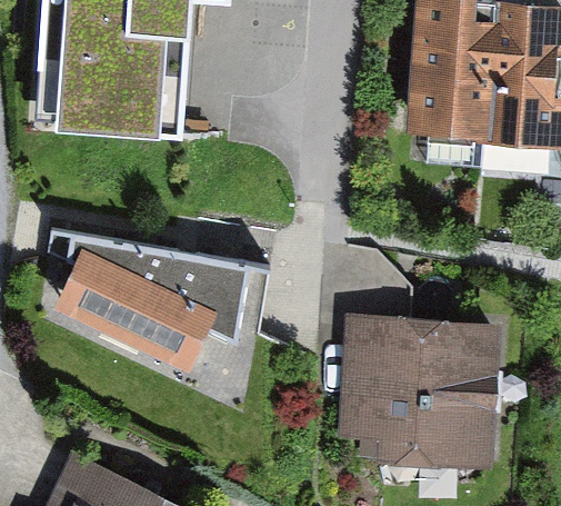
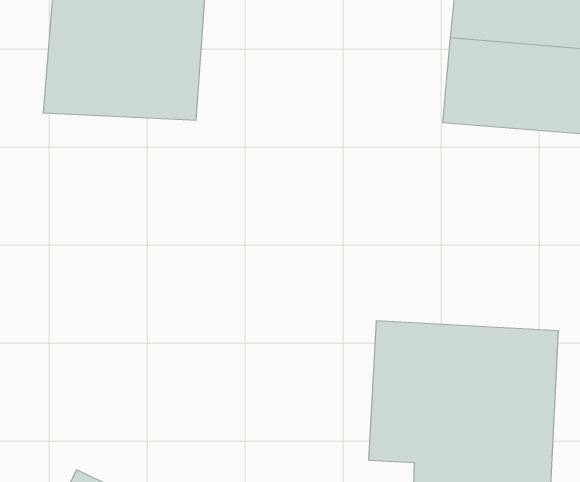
building: [52,236,251,375] -> none

